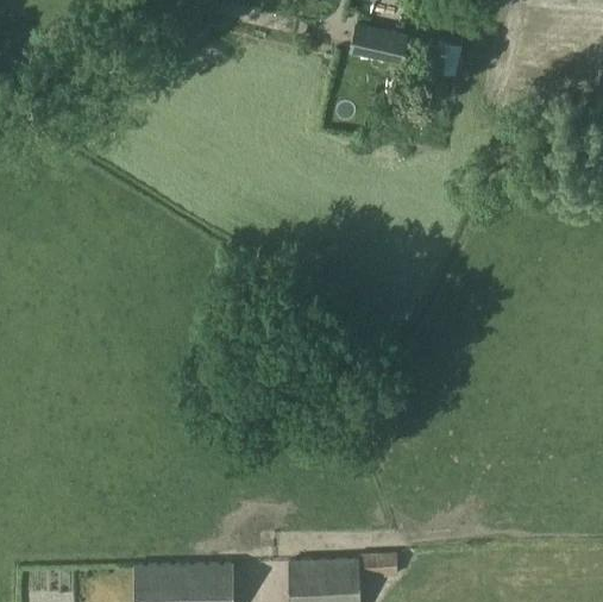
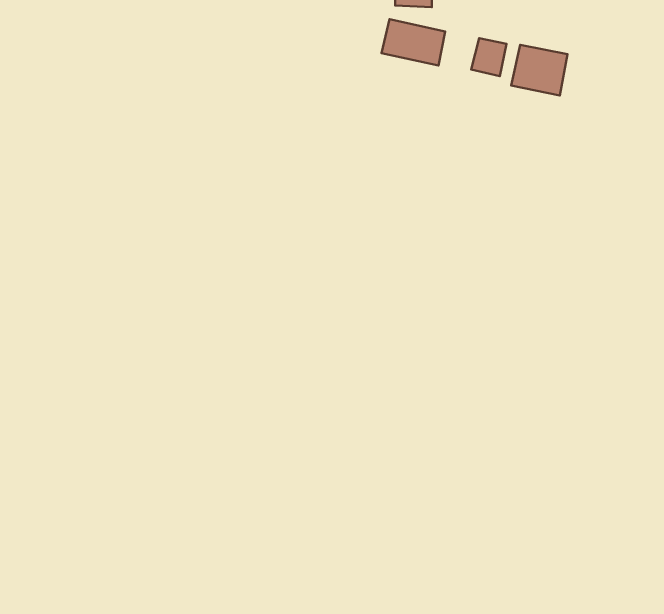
building: none -> [511,45,568,96]

